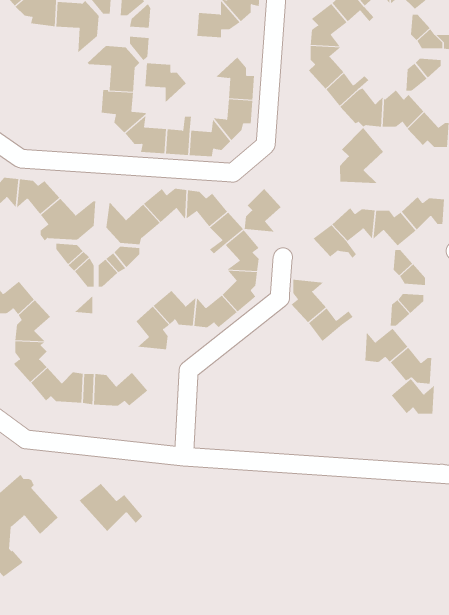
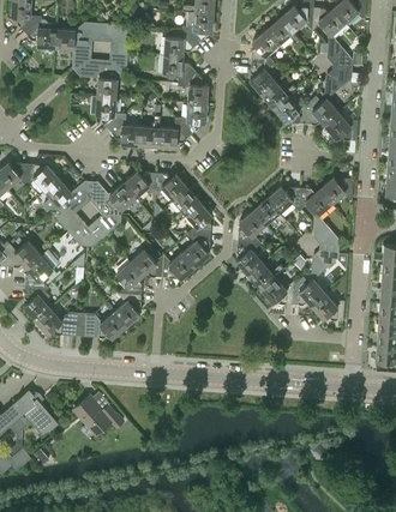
building: [144,63,187,104] -> [162,55,194,86]
building: [340,127,384,184] -> none
building: [244,188,281,232] -> [236,210,265,243]
building: none -> [114,293,140,326]
building: [391,378,435,414] -> [259,276,293,303]

